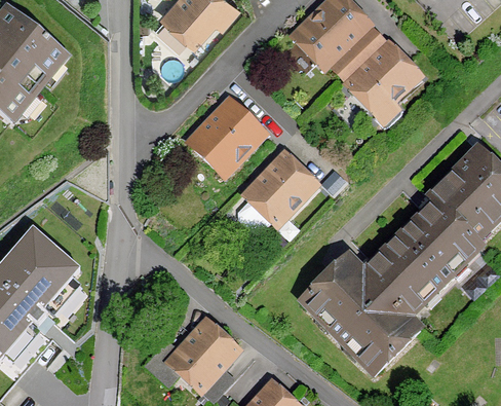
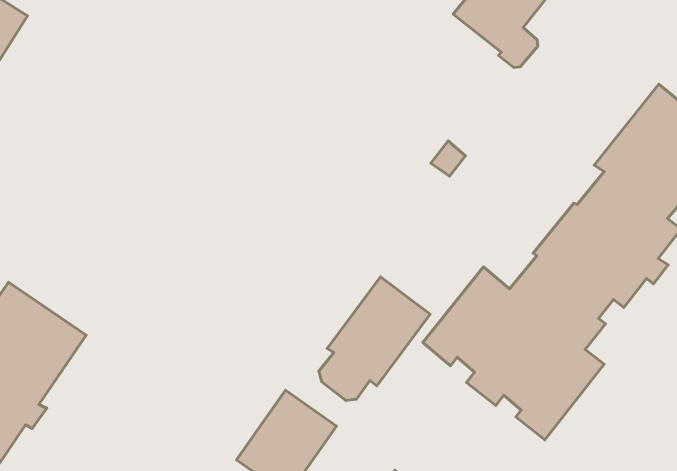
building: [190,98,264,173] -> none
building: [238,151,316,230] -> [319,277,430,401]

